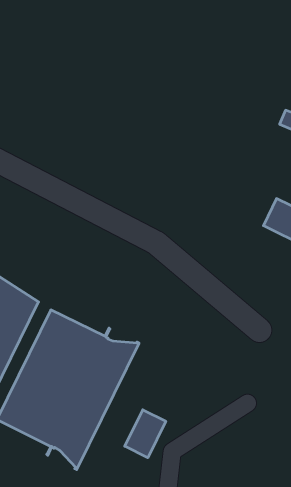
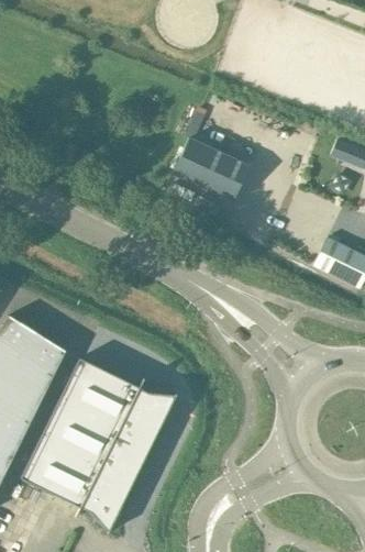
building: none -> [170,136,248,201]
building: [125,410,166,458] -> none

